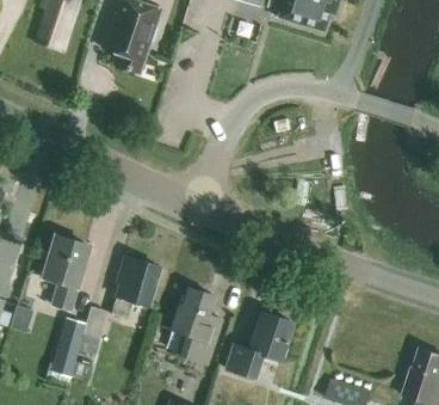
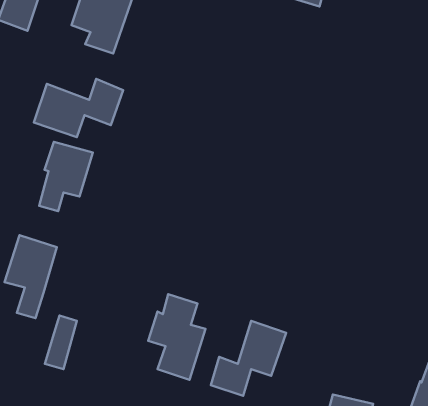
building: none -> [34,79,123,137]
building: [111,257,159,319] -> [39,142,93,211]
building: [50,318,86,378] -> none

